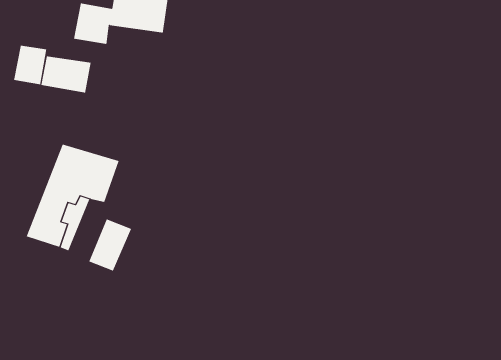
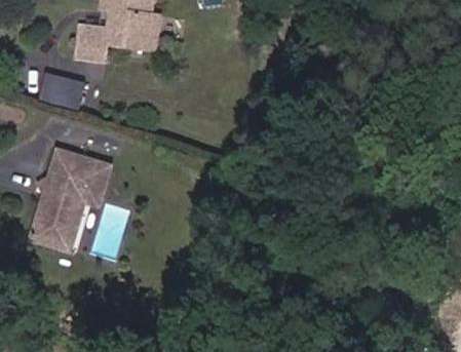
building: [13,45,47,85] -> none
building: [89,218,132,271] -> none

